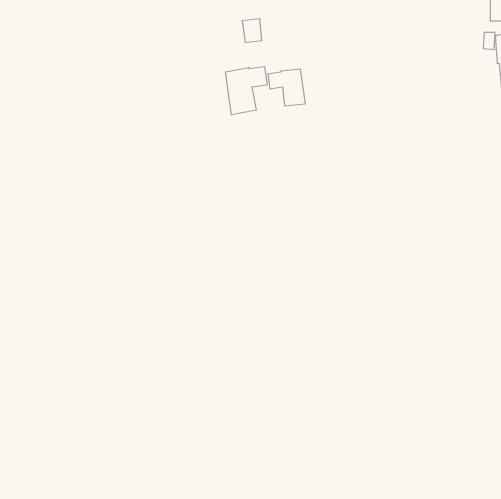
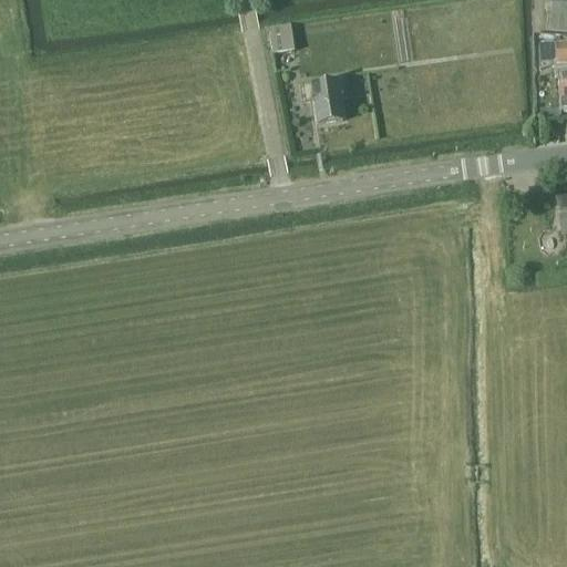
building: [225,67,267,115] -> none

